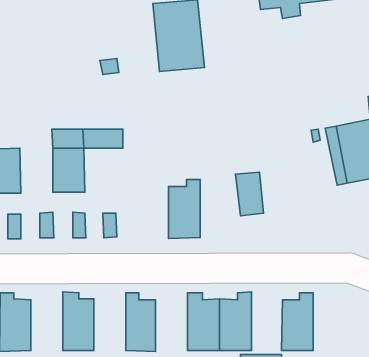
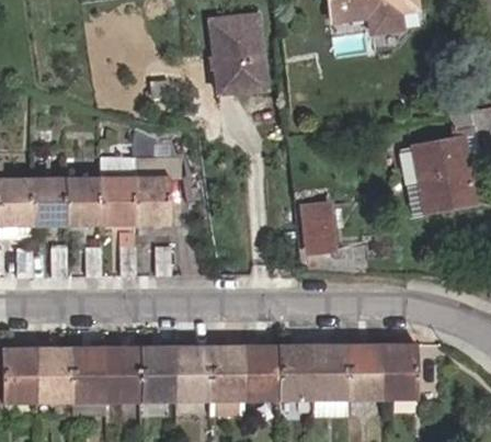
building: none -> [64,178,100,227]
building: none -> [134,178,169,226]
building: [168,180,200,238] -> [213,337,248,401]
building: none -> [76,336,111,400]
building: none -> [318,336,352,400]
building: none -> [145,337,180,400]
building: none -> [386,337,423,400]

